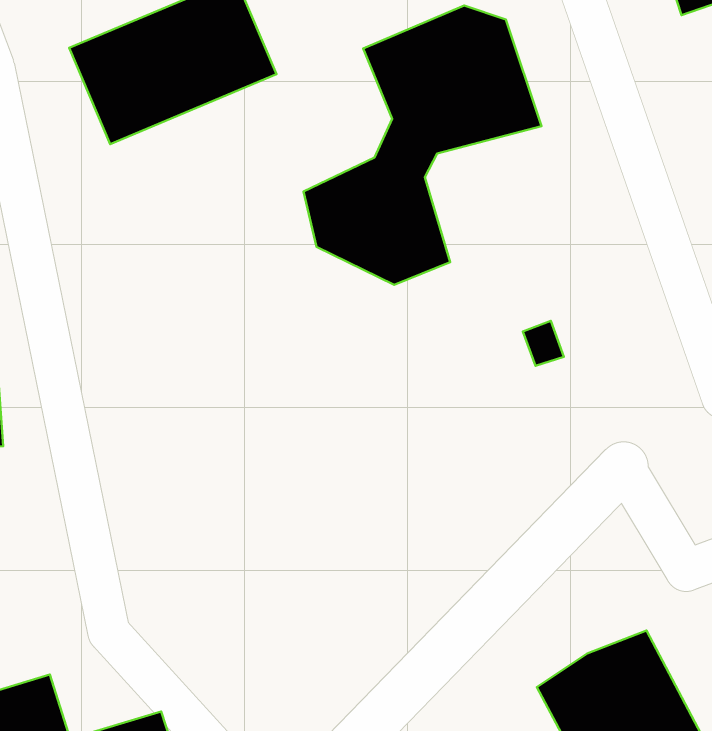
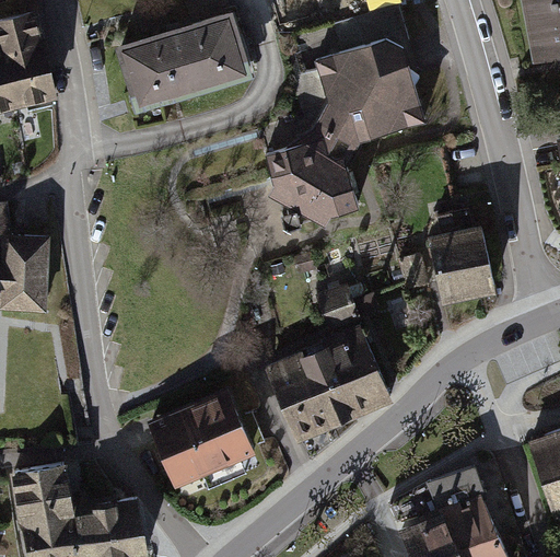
building: none -> [429,222,497,306]
building: none -> [267,291,389,433]
building: none -> [149,394,252,484]

